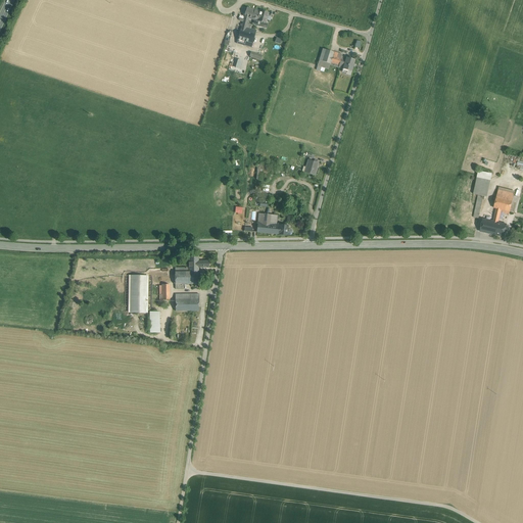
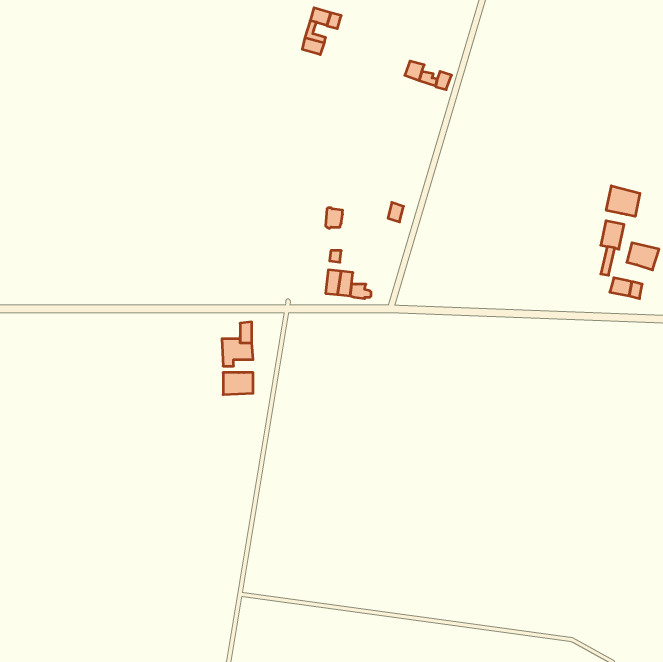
building: none -> [606,186,640,216]
building: [131,275,146,312] -> none

